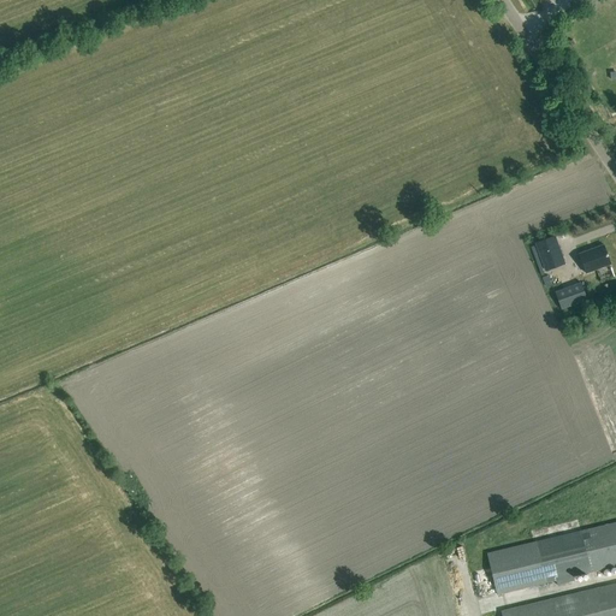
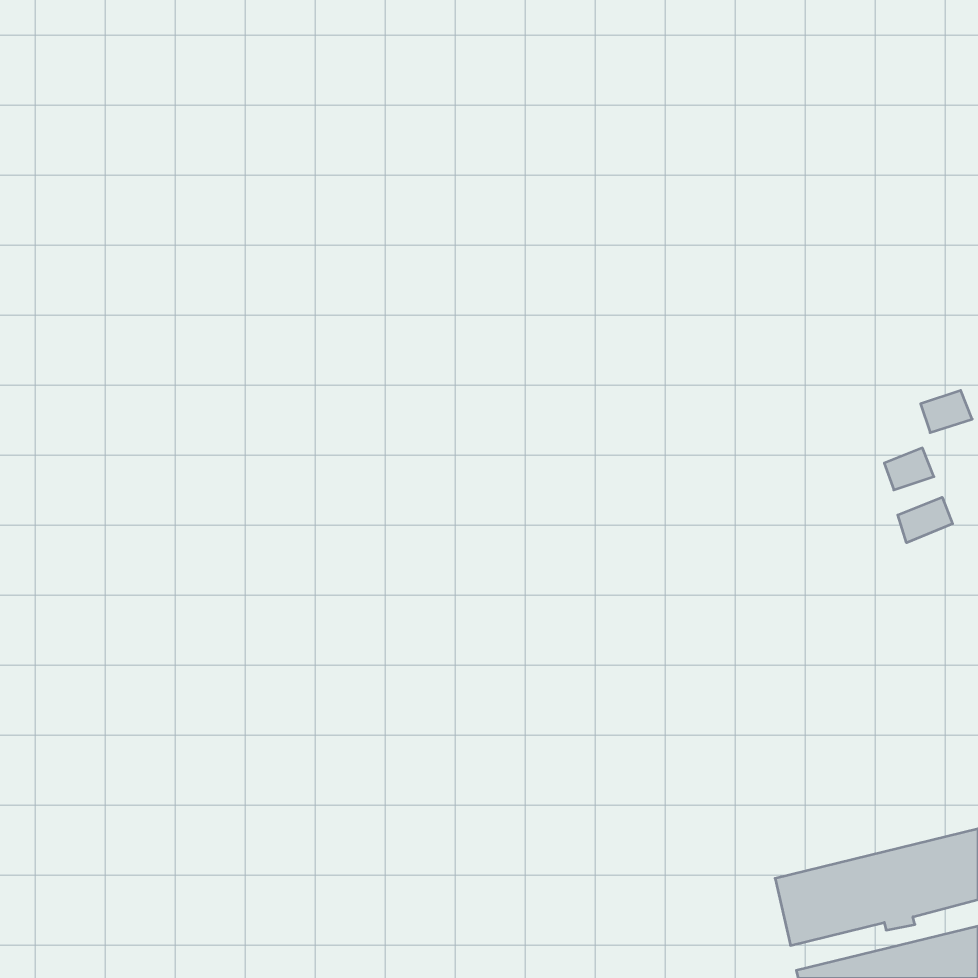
building: [535,236,564,271] -> none
building: none -> [898,497,953,543]

